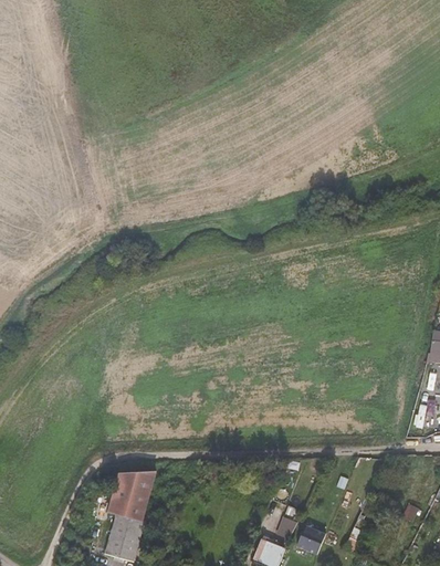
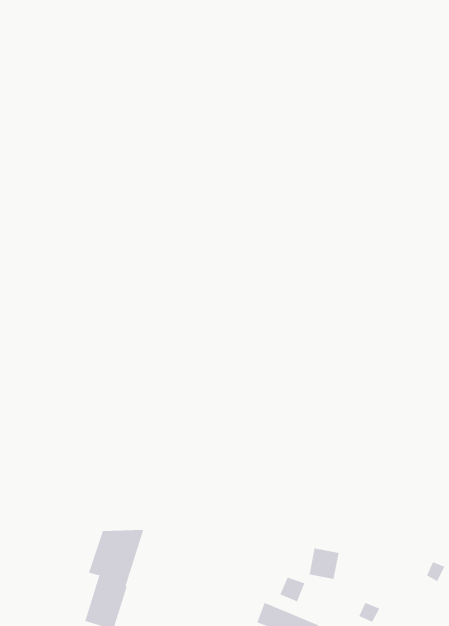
building: [296,524,323,552] -> [309,548,339,580]

